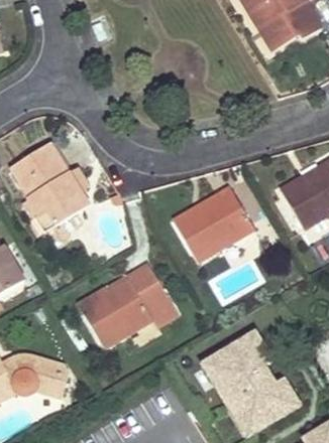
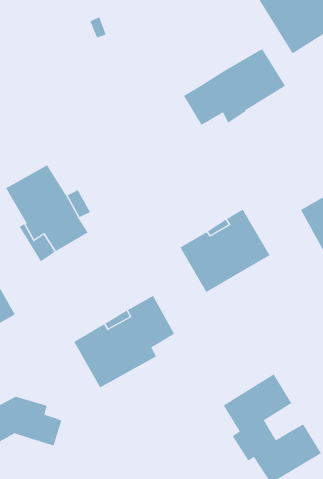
building: none -> [183,48,286,126]

